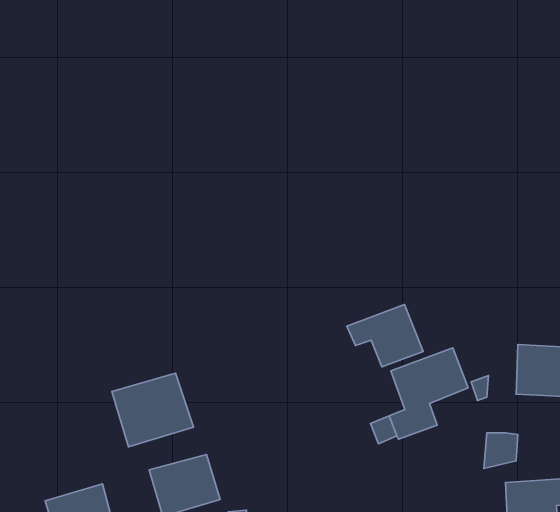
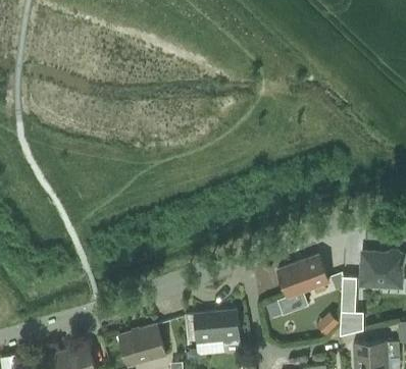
building: [347,305,423,367] -> none
building: [112,373,193,447] -> none
building: none -> [193,310,240,342]

